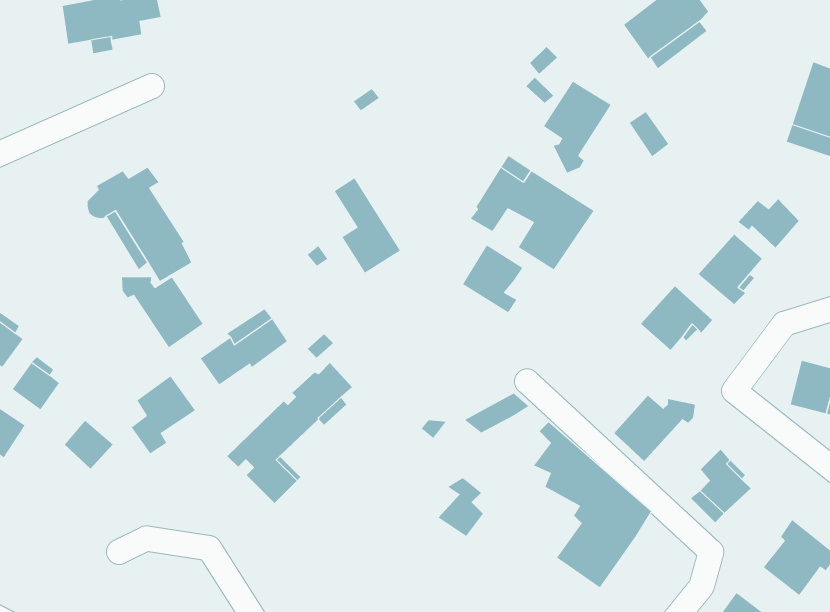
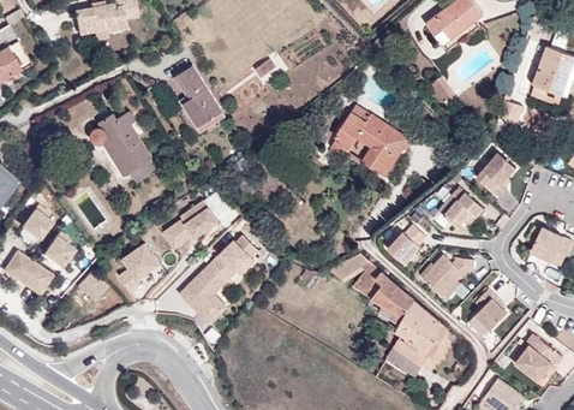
building: [543,81,612,173] -> none
building: [334,178,401,273] -> [180,66,222,126]
building: [738,199,800,248] -> none
building: [462,244,523,313] -> none
building: [121,276,203,348] -> none
building: none -> [388,225,426,263]
building: [438,477,484,537] -> [353,262,382,299]

